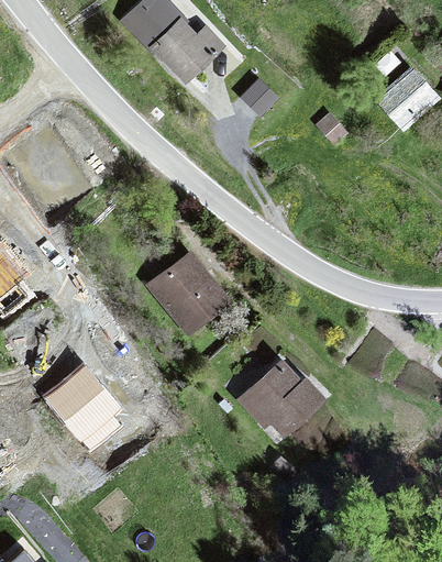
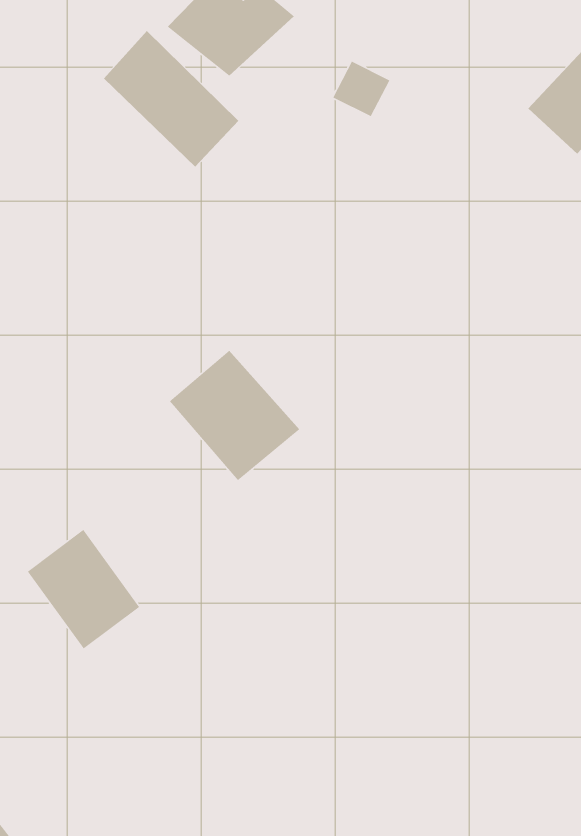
building: none -> [103,30,239,167]
building: [237,360,324,447] -> none

